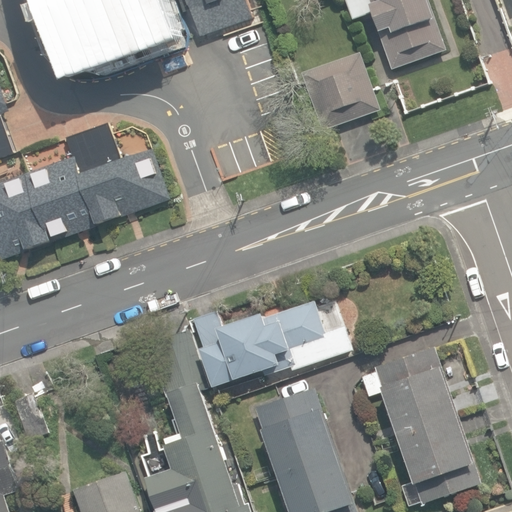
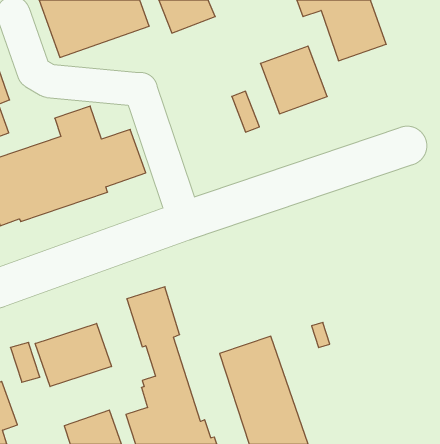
building: [190,301,352,387] -> none
building: [373,347,479,506] -> none
building: none -> [35,323,111,387]

